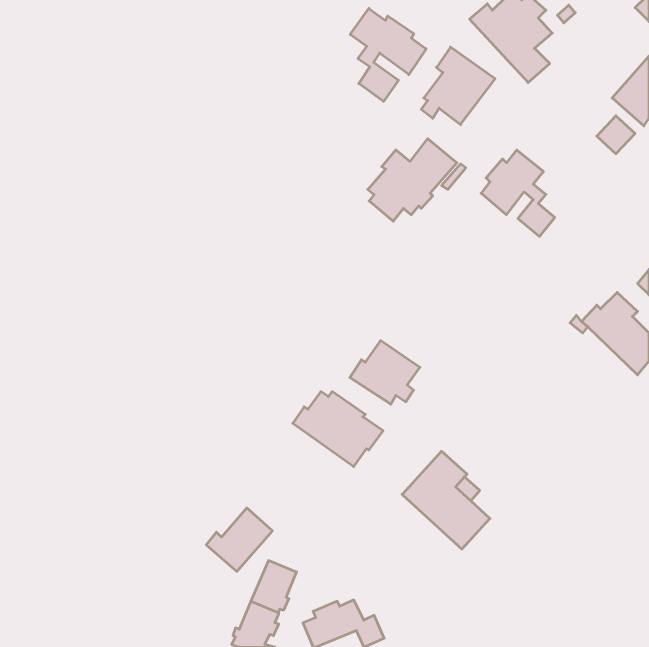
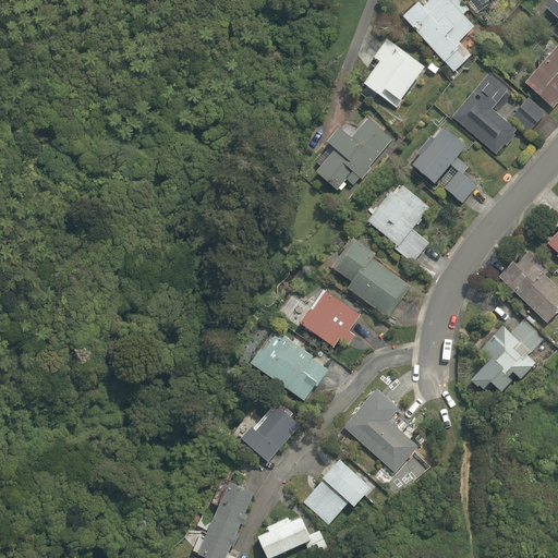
building: [350,8,426,101] -> none
building: none -> [451,74,515,154]
building: none -> [367,186,429,263]
building: none -> [331,238,410,317]
building: none -> [470,318,544,391]
building: [206,508,272,571] -> [242,405,299,460]
building: none -> [304,457,373,522]

